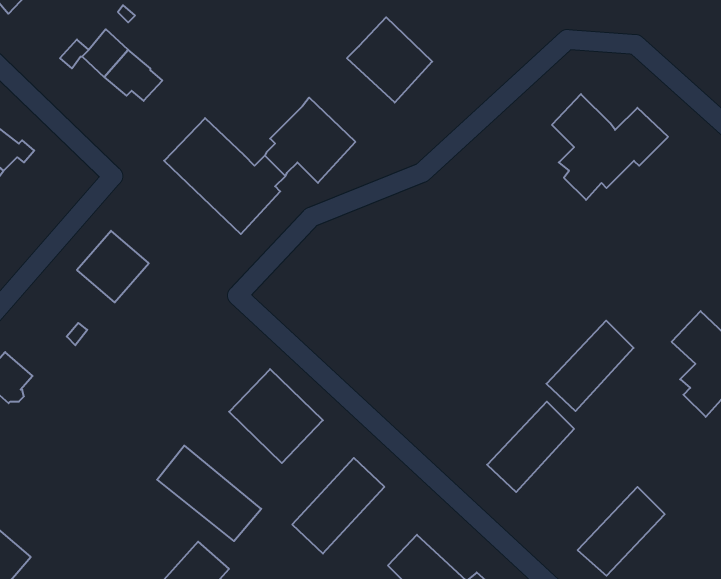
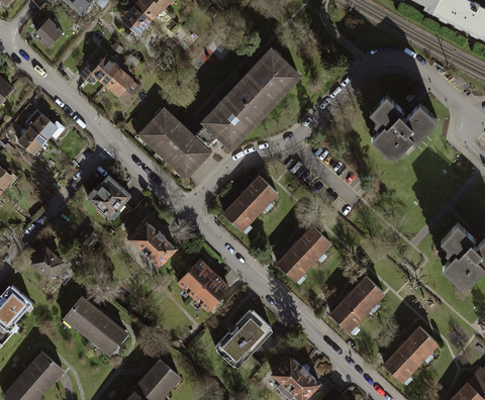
building: none -> [225,74,276,123]
building: none -> [223,177,276,229]
building: none -> [129,220,179,268]
building: [546,321,634,411] -> [277,226,328,280]
building: [157,446,261,541] -> [65,297,126,354]

